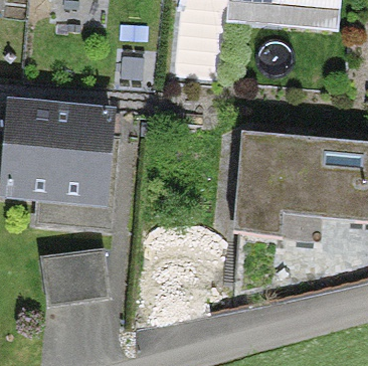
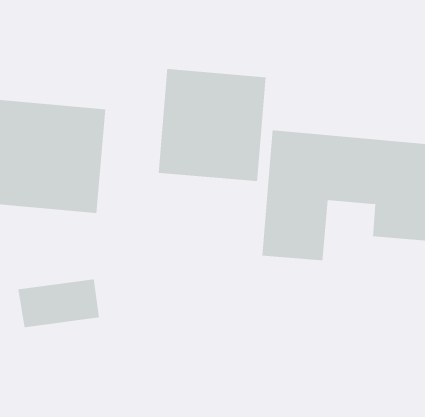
building: none -> [158,68,266,182]

